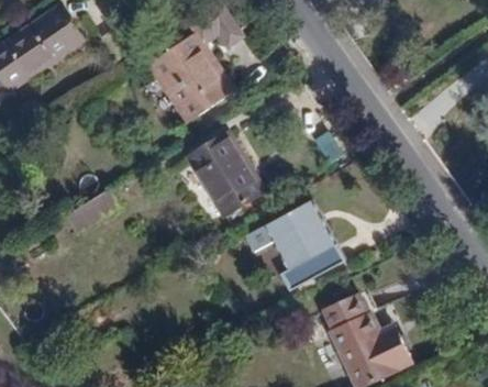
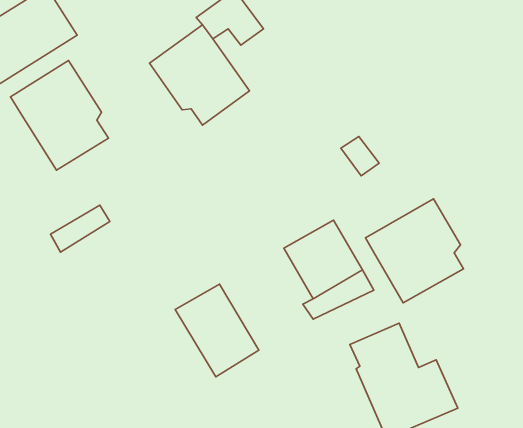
building: none -> [10,60,108,170]
building: [188,135,260,215] -> [175,284,259,377]
building: none -> [366,199,464,303]

